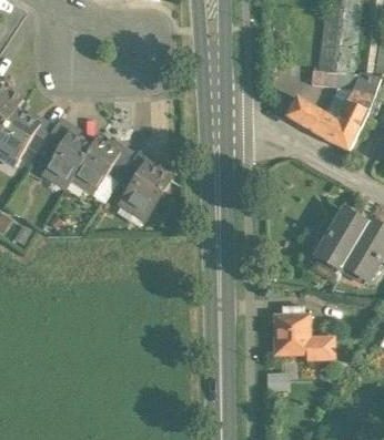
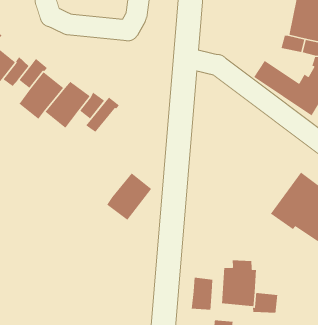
building: [123,163,169,213] -> [106,173,152,221]
building: none -> [191,277,213,310]

